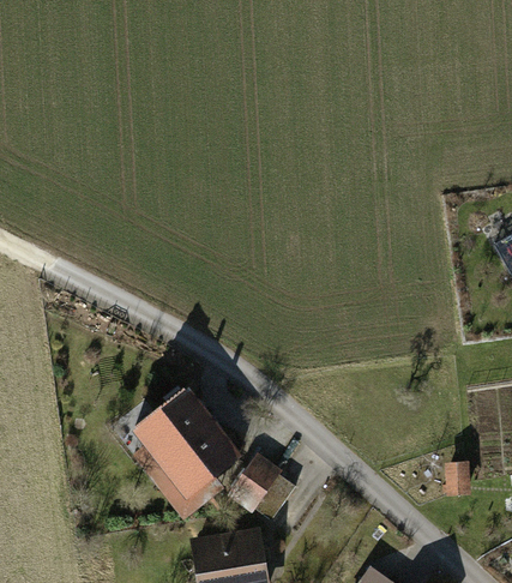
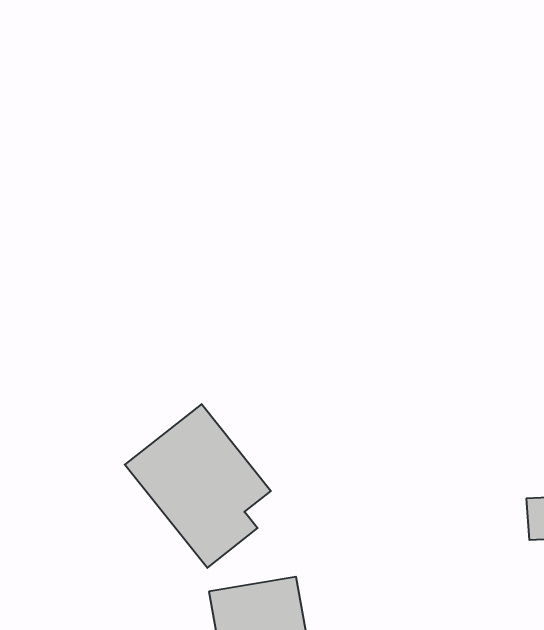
building: [233,455,306,525] -> none

